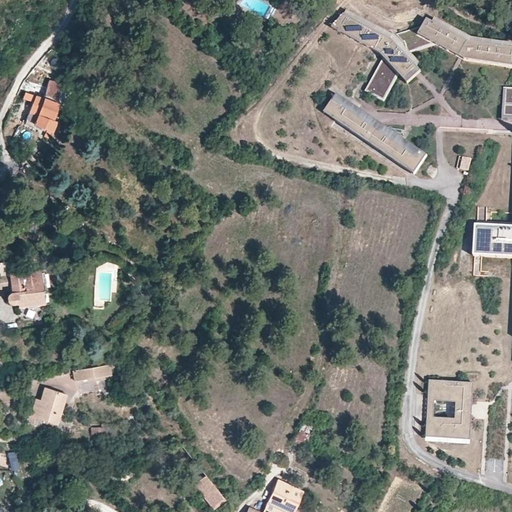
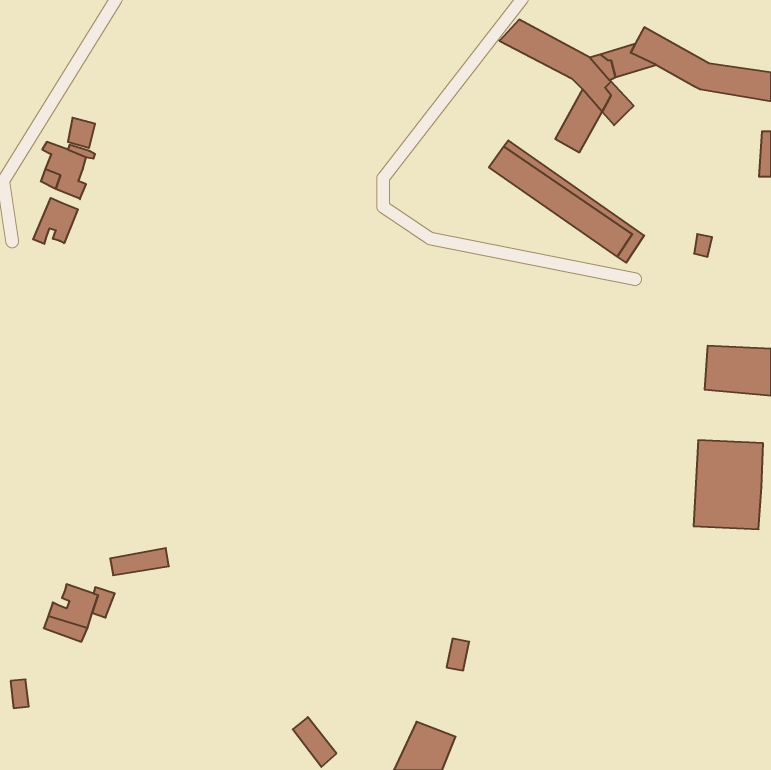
building: none -> [33,198,78,244]
building: [7,270,45,306] -> none
building: [425,379,471,438] -> [694,440,763,529]

